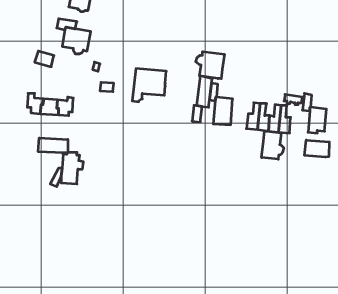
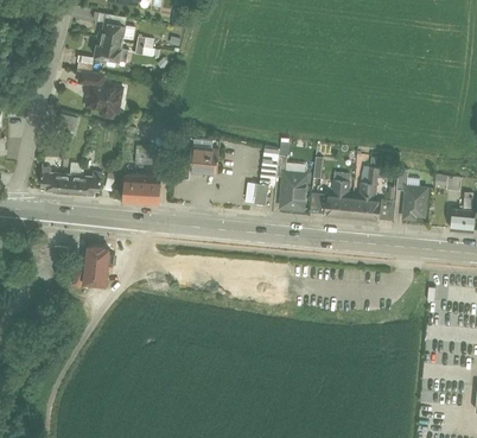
building: [196,52,224,79] -> none
building: none -> [123,173,159,199]
building: [262,131,284,159] -> none
building: [38,138,68,153] -> none
building: [305,140,329,157] -> none

